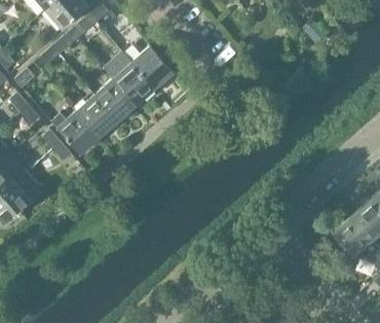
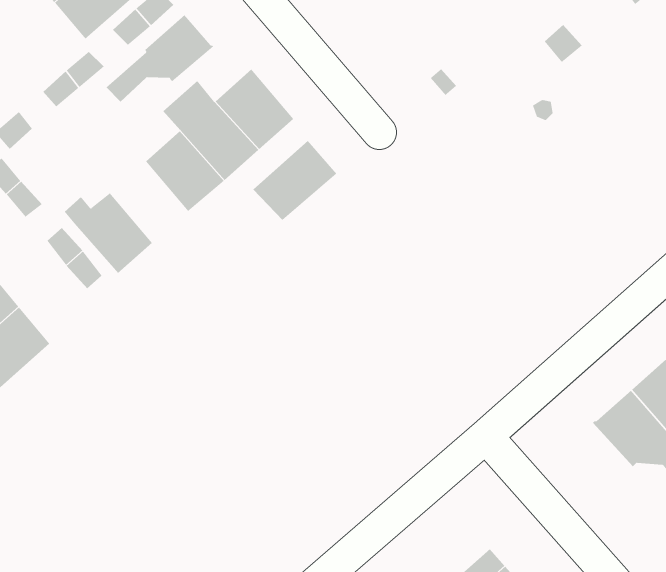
building: none -> [106,14,214,103]
building: none -> [253,140,337,221]
building: [75,95,116,138] -> none

